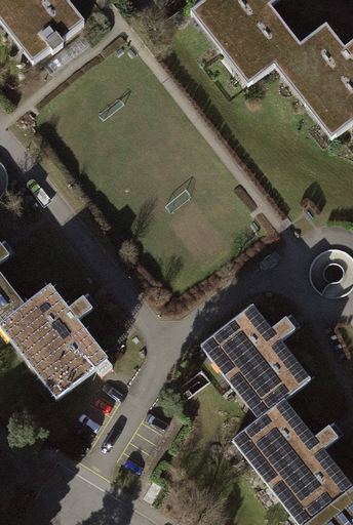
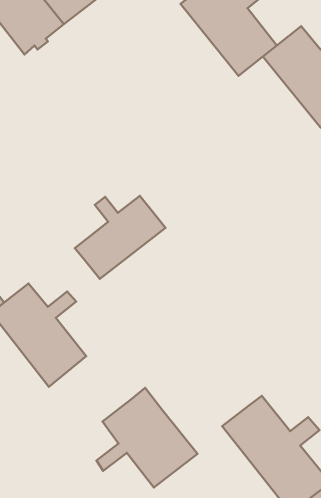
building: none -> [75,196,166,279]
building: [204,311,302,415] -> none
building: none -> [97,388,198,487]

